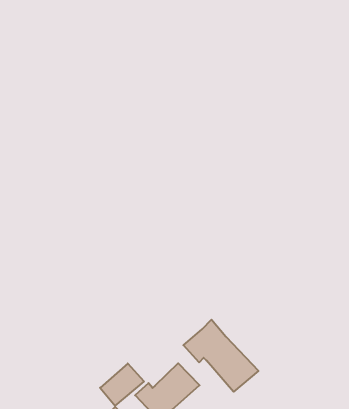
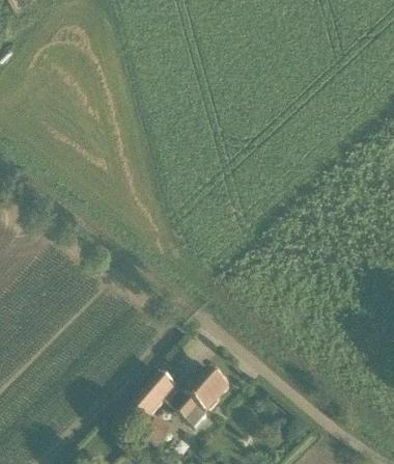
building: [183,320,258,392] -> none

